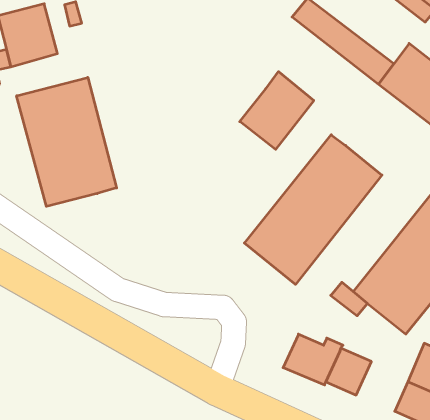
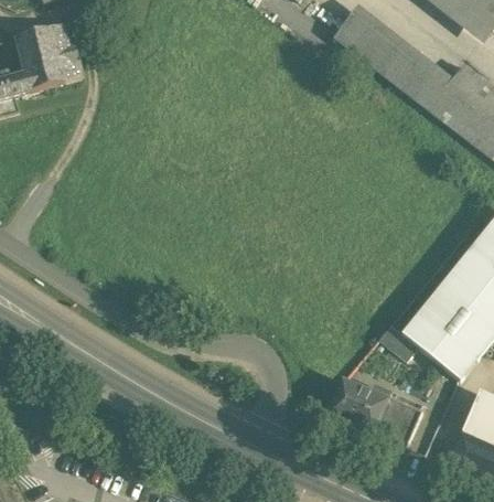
building: [240,72,314,149] -> none
building: [17,77,117,206] -> none
building: [244,135,382,284] -> none

